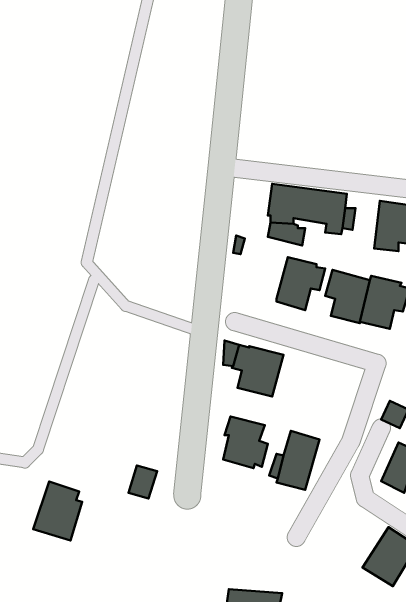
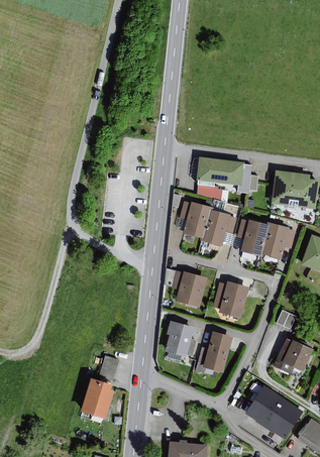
building: none -> [179,200,211,238]
building: none -> [212,280,249,318]
building: [33,482,82,541] -> [80,377,114,419]
building: none -> [243,386,281,427]

